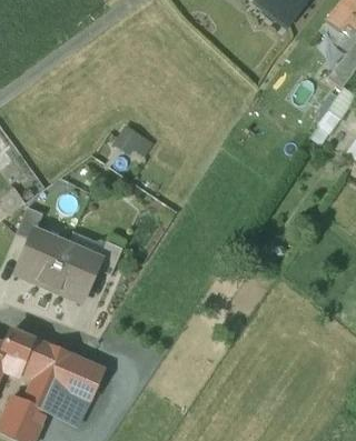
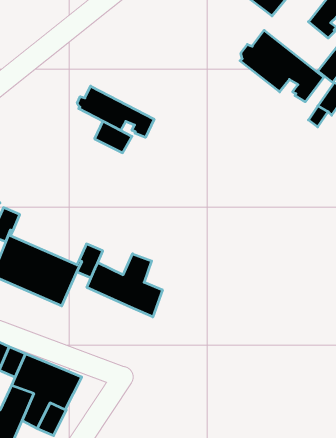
building: none -> [240,30,324,102]
building: none -> [77,86,154,137]
building: none -> [87,254,162,317]

